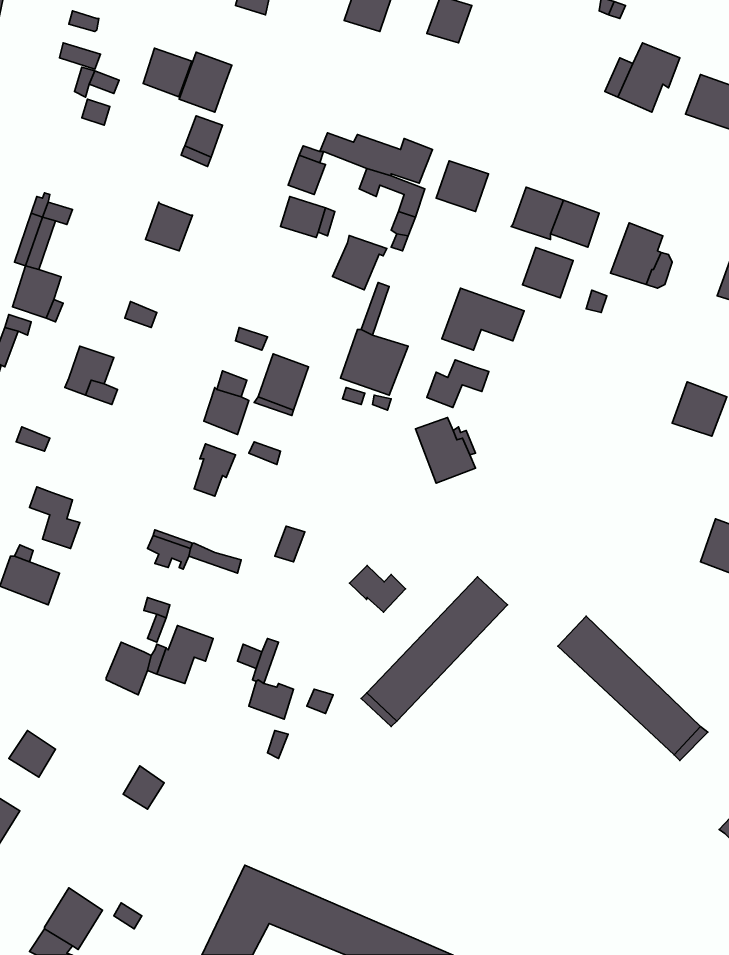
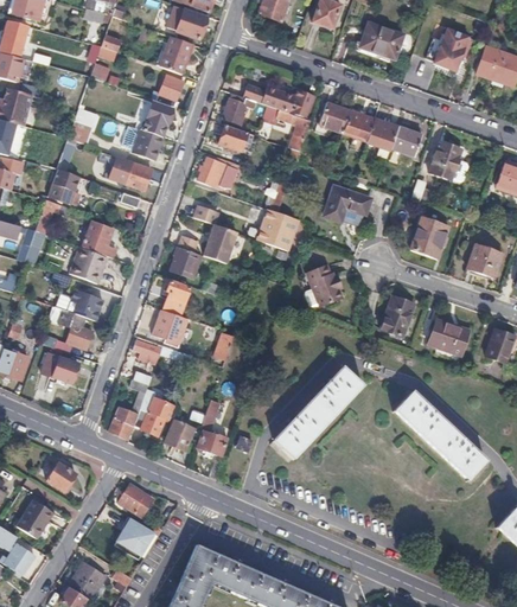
building: none -> [358,21,402,58]
building: [143,48,192,97] -> [175,8,206,39]
building: none -> [142,101,172,136]
building: [332,235,387,290] -> [198,153,232,187]
building: none -> [110,156,151,190]
building: [523,247,573,298] -> [342,110,374,142]
building: none -> [409,216,446,258]
building: [427,360,489,408] -> none
building: none -> [70,247,108,282]
building: none -> [71,288,103,320]
building: none -> [379,296,411,338]
building: none -> [152,308,187,346]
building: none -> [427,319,467,354]
building: [349,565,406,612] -> none
building: none -> [164,418,194,449]
building: none -> [114,518,154,561]

